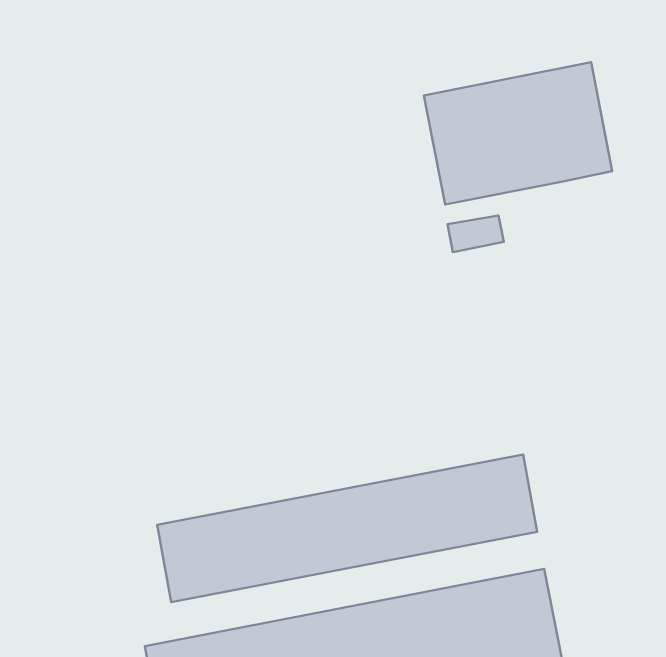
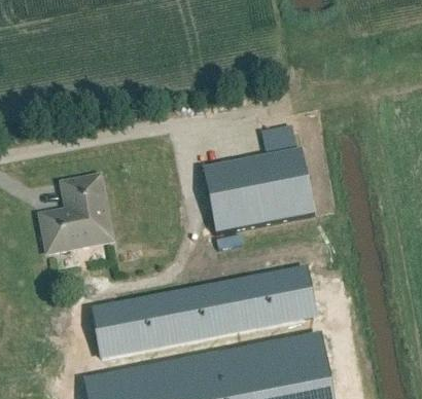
building: [424,62,612,204] -> [202,149,312,232]
building: none -> [41,174,112,251]

